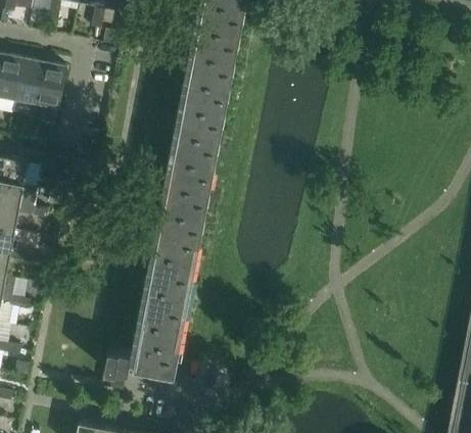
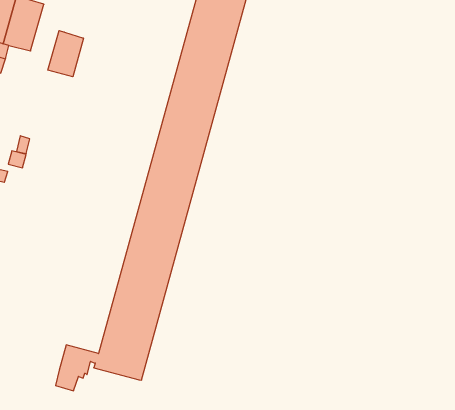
building: none -> [48,31,83,77]

